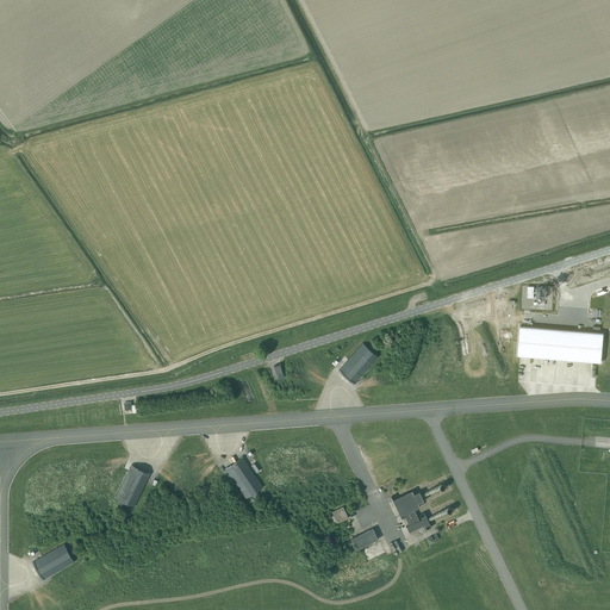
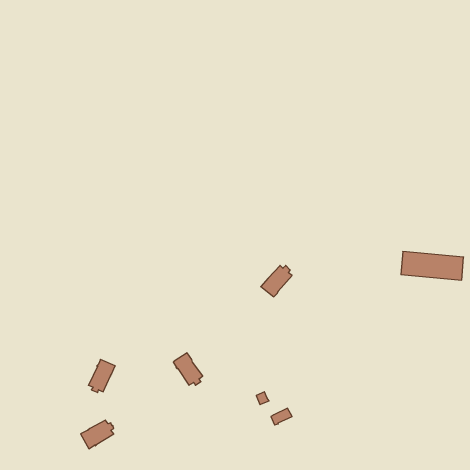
building: [392,491,430,534] -> none
building: [31,544,74,581] -> [81,420,114,449]

